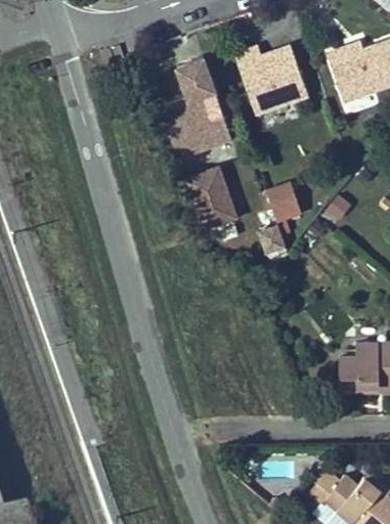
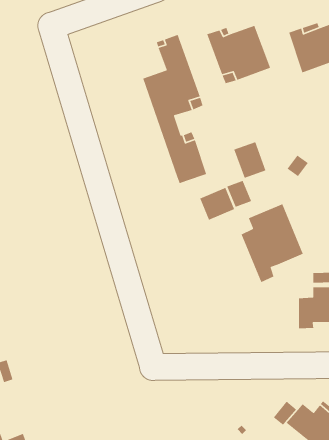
building: none -> [199,187,235,221]
building: none -> [241,203,304,283]

